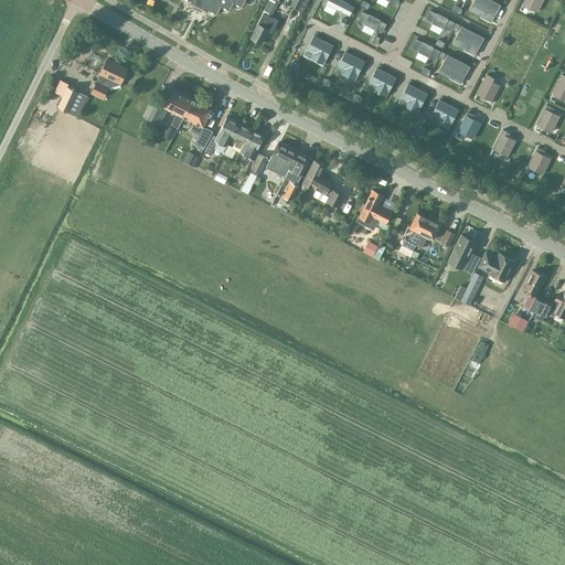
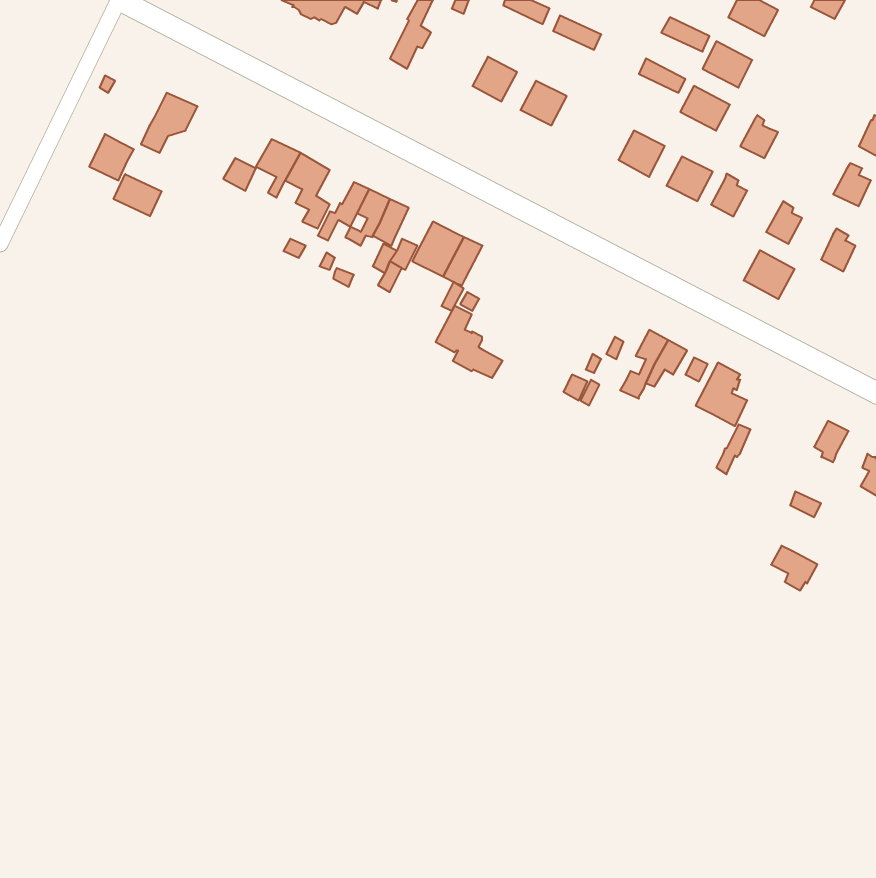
building: [366,68,396,97] -> none
building: none -> [114,174,162,216]
building: [302,160,345,206] -> [436,306,503,378]
building: none -> [744,250,795,299]
building: [356,190,393,230] -> none
building: [481,253,514,280] -> none
building: [523,294,553,322] -> [771,546,817,590]

